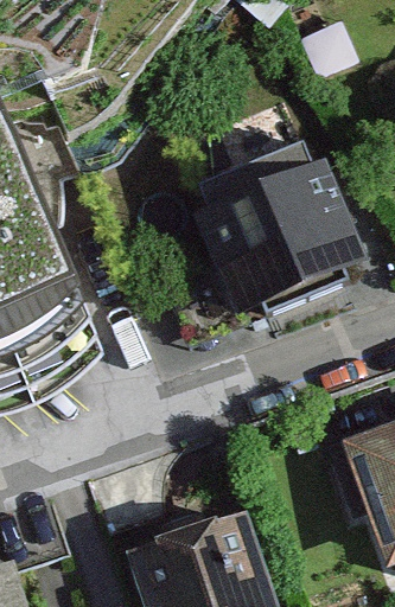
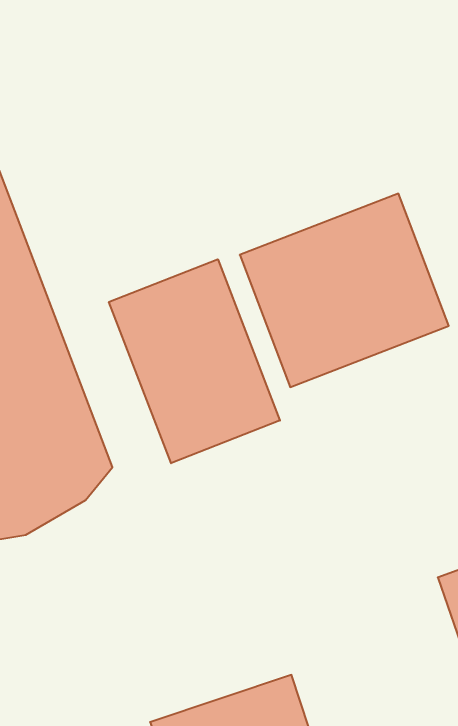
building: none -> [109,259,280,463]

